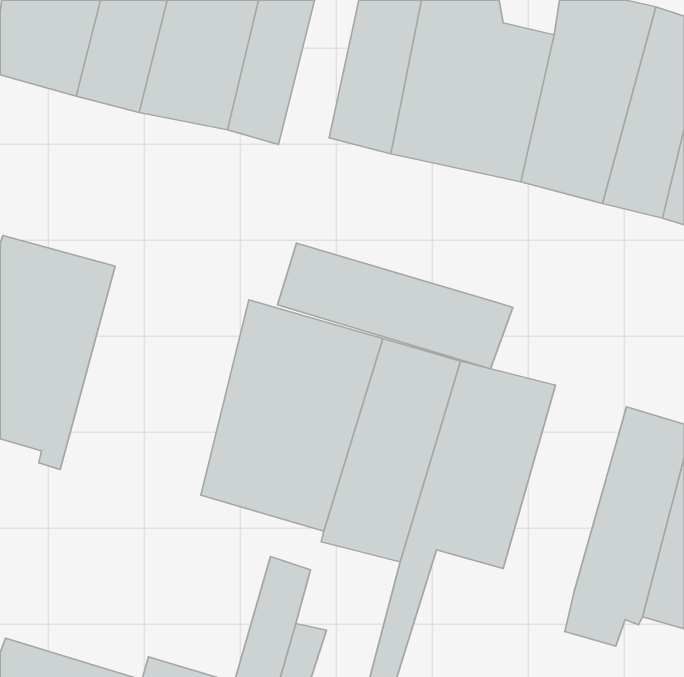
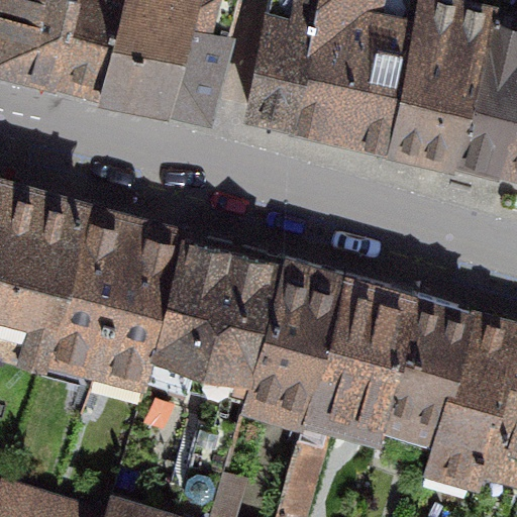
building: [277,243,513,369] -> none
building: none -> [45,206,188,393]
building: none -> [380,296,473,451]

